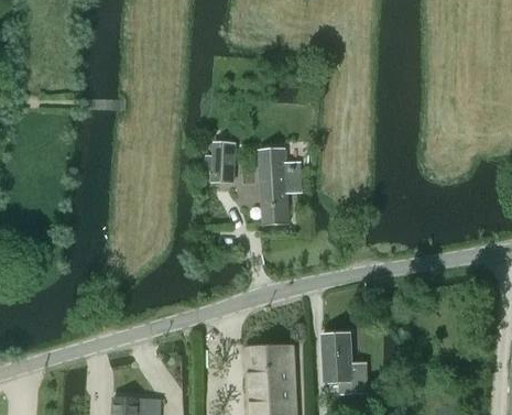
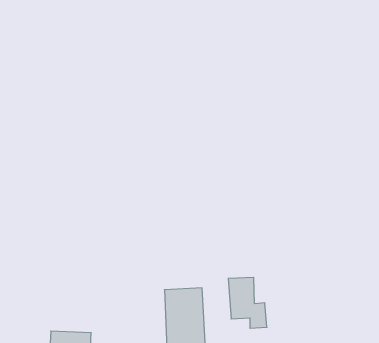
building: [205,143,235,182] -> none
building: [259,150,299,225] -> none

